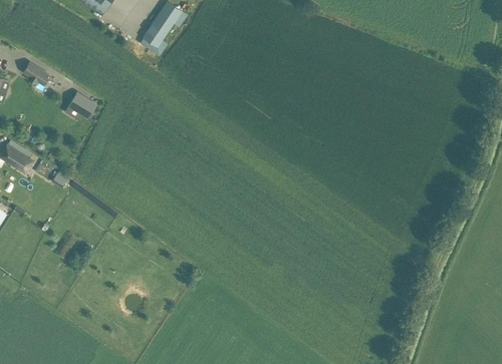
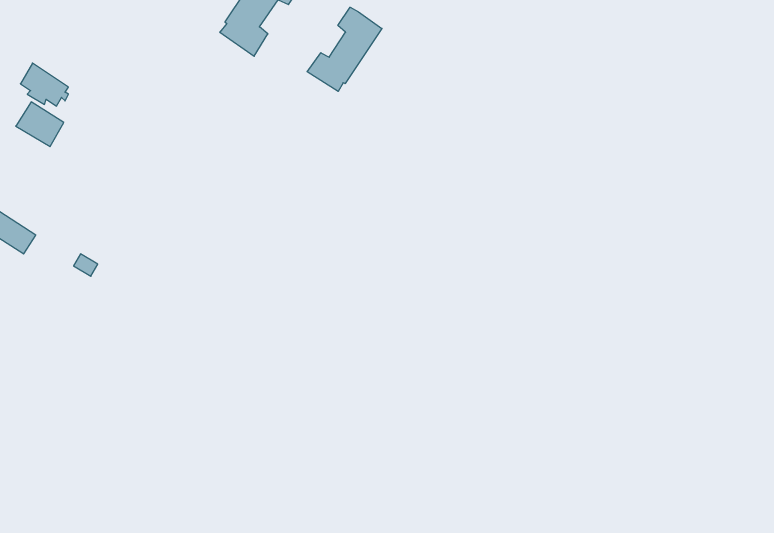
building: none -> [307,7,382,91]
building: [69,92,97,118] -> [16,102,64,147]

